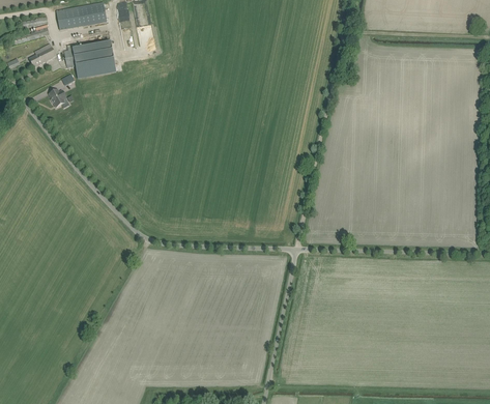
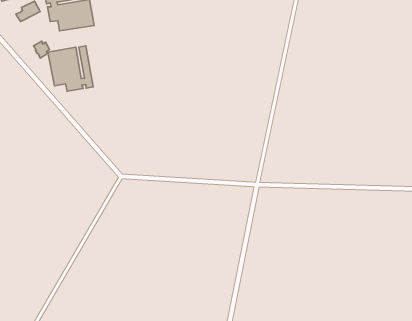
building: none -> [48,46,93,91]

